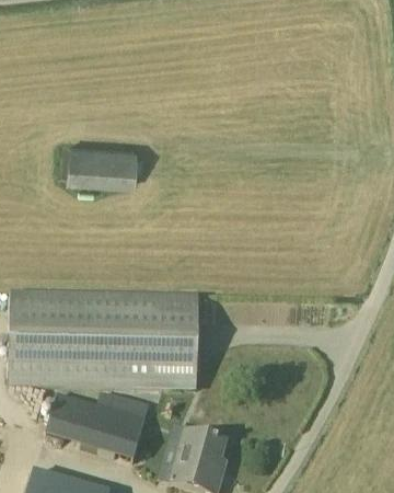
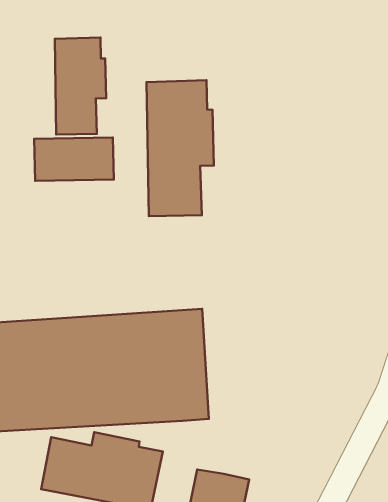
building: none -> [55,37,106,135]
building: none -> [147,80,214,216]

